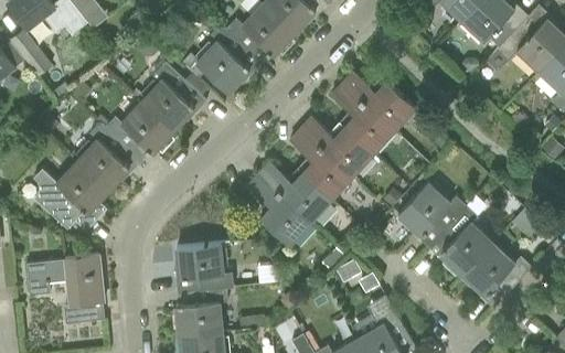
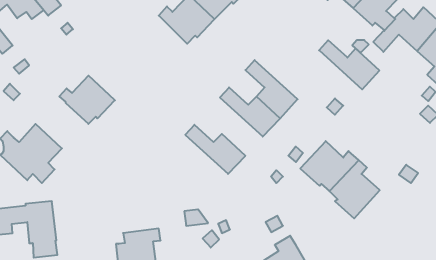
building: [196,24,260,94] -> none
building: [141,64,206,132] -> none
building: [342,72,415,131] -> [319,40,379,89]
building: [77,124,141,191] -> none
building: [289,129,352,200] -> none
building: [247,174,310,245] -> none
building: [462,242,532,303] -> none
building: [175,244,234,293] -> none

